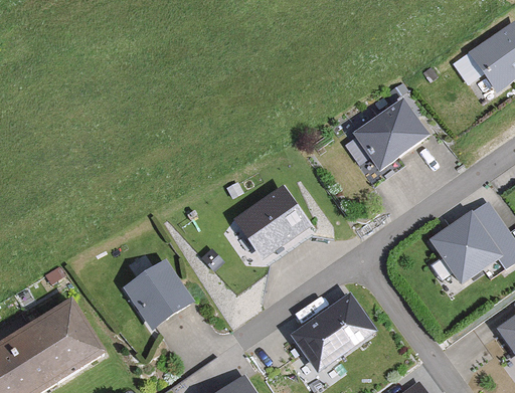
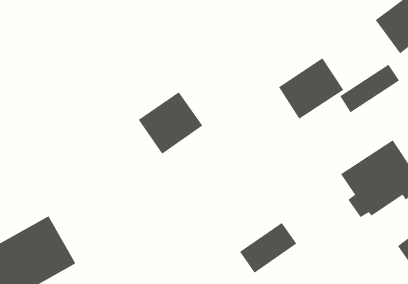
building: none -> [339,64,400,113]
building: [235,186,315,262] -> [138,92,203,155]
building: [118,258,196,334] -> none

